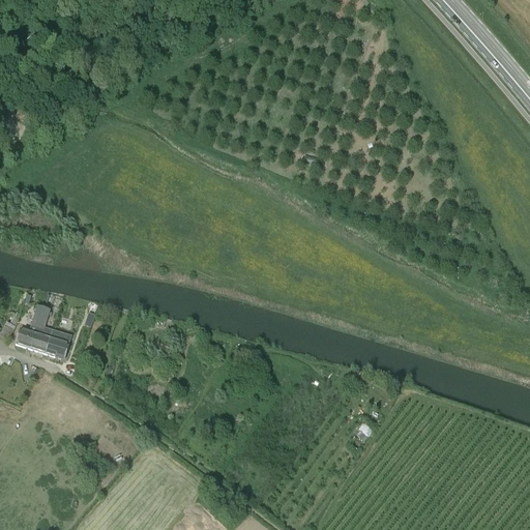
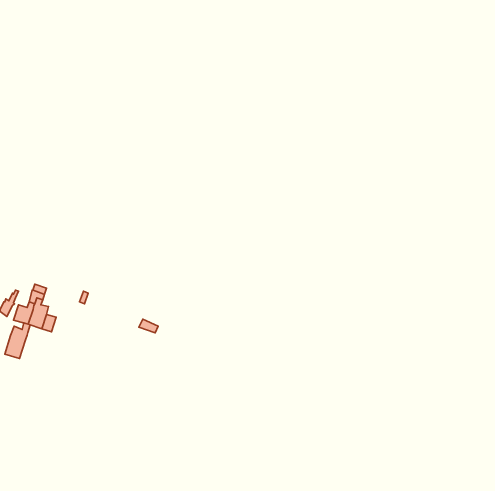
building: none -> [5,323,30,358]

